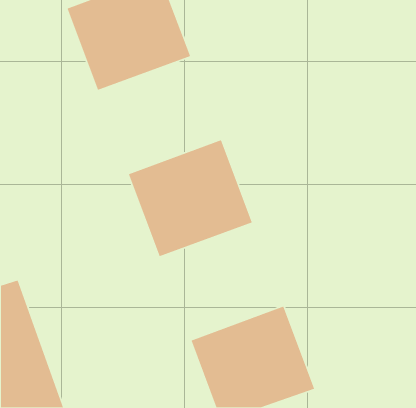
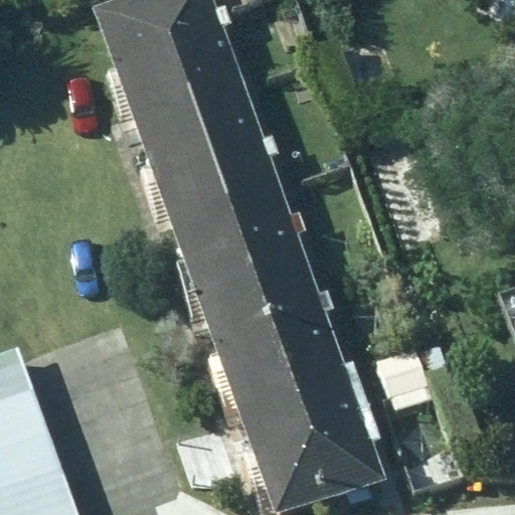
building: none -> [124,69,276,213]
building: none -> [199,274,352,417]

